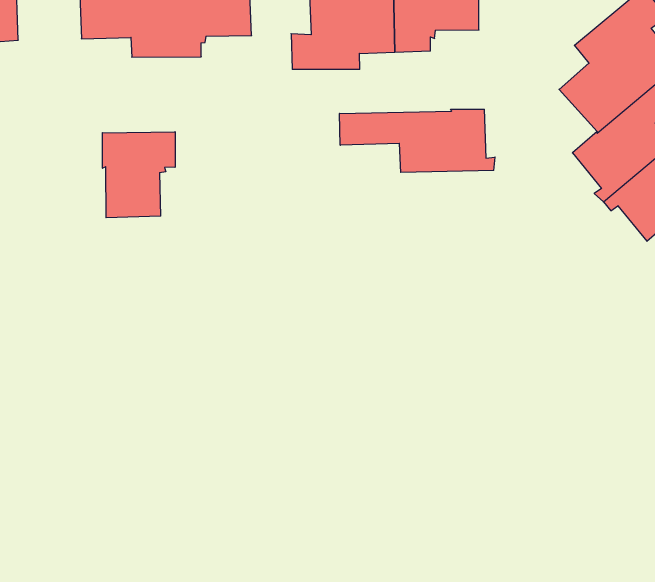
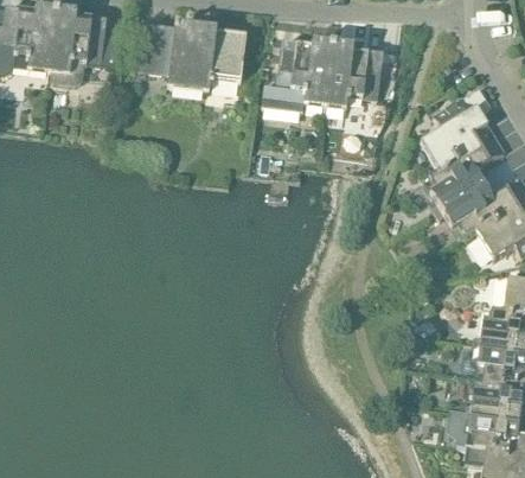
building: [340,109,495,172] -> none
building: [102,132,175,218] -> none

